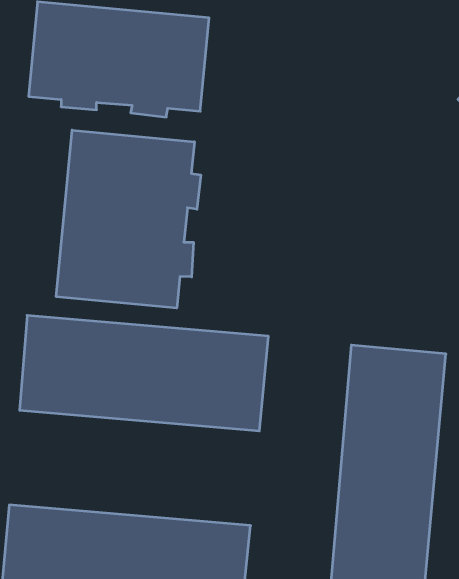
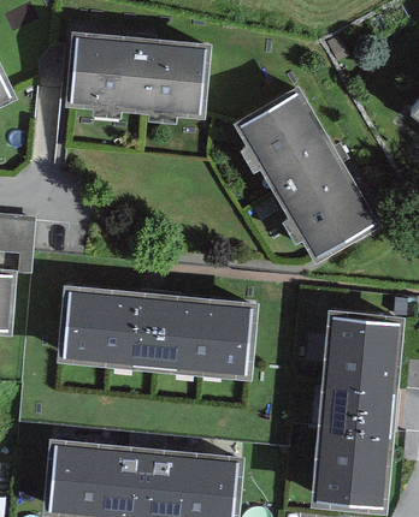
building: none -> [231,84,379,263]
building: [56,130,201,308] -> none

